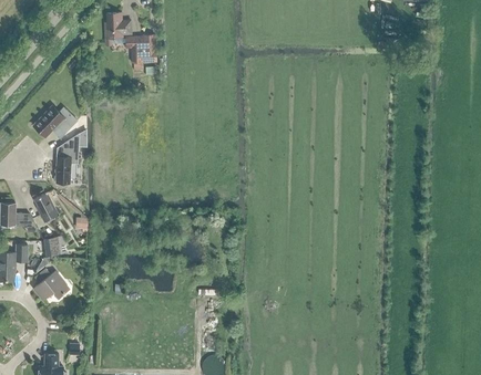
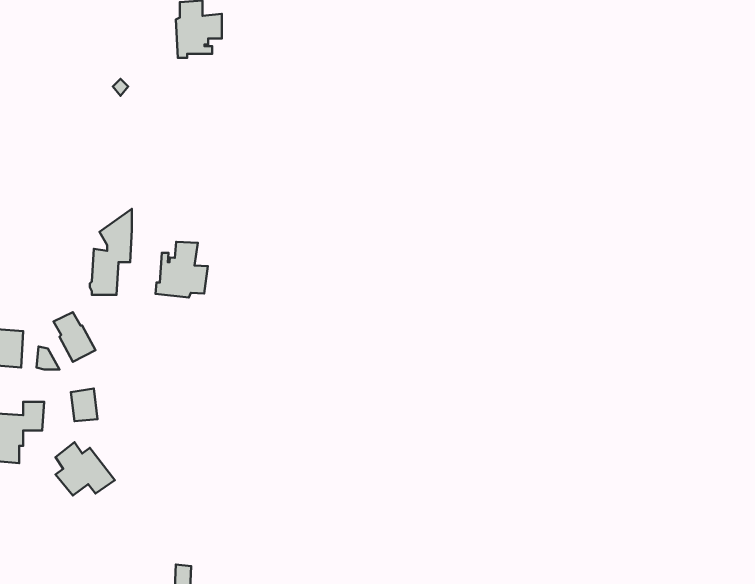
building: [125,34,155,70] -> none
building: [32,105,78,138] -> none
building: none -> [156,242,208,298]

